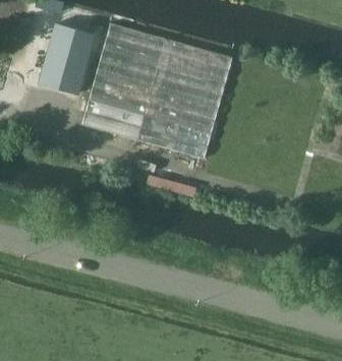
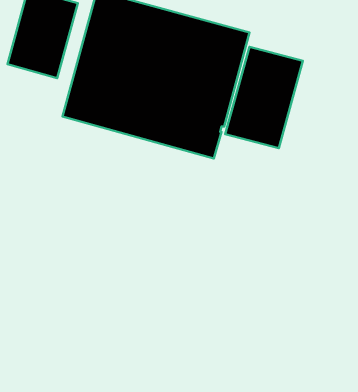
building: none -> [225,47,303,148]

